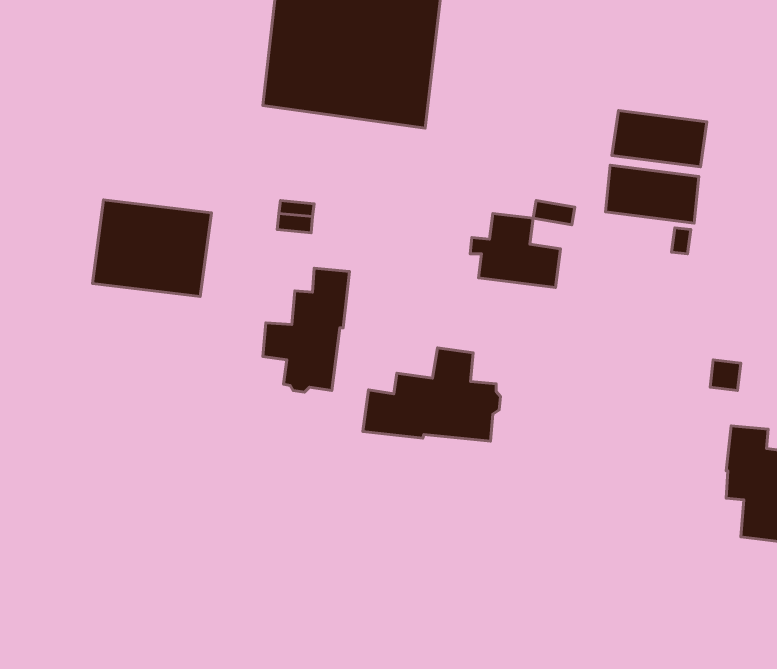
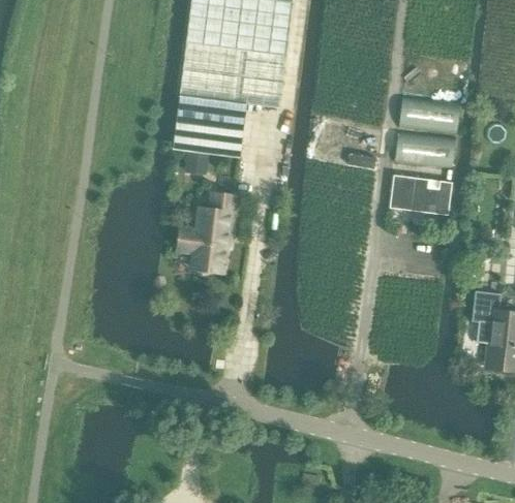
building: [92,200,211,297] -> [173,93,249,155]
building: [470,213,560,287] -> [387,168,445,216]
building: [363,348,500,441] -> none

